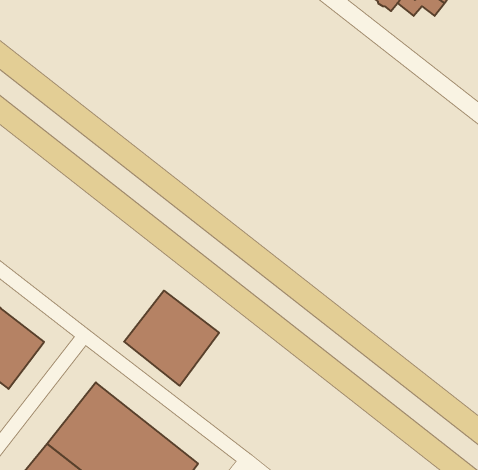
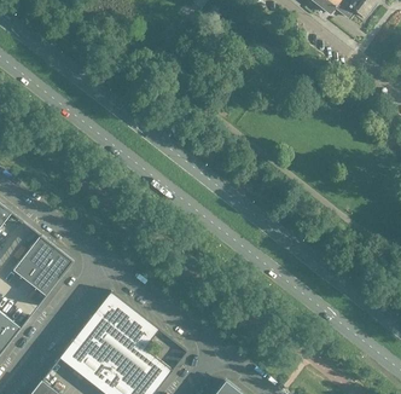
building: [124,291,219,386] -> none

